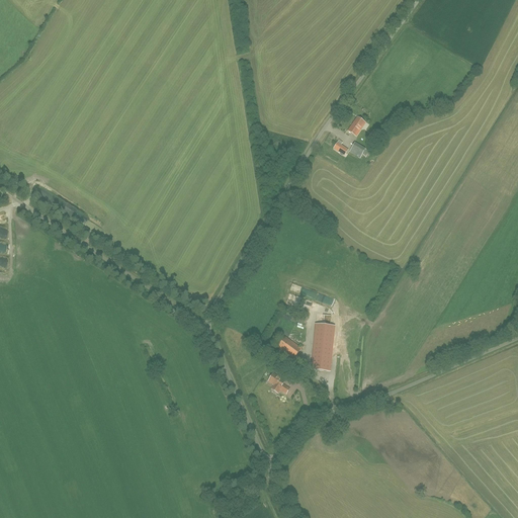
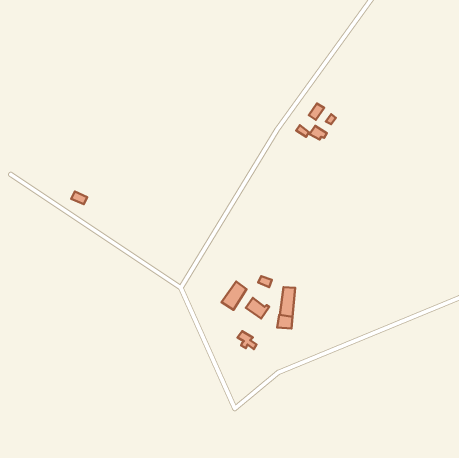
building: none -> [222,282,247,310]

